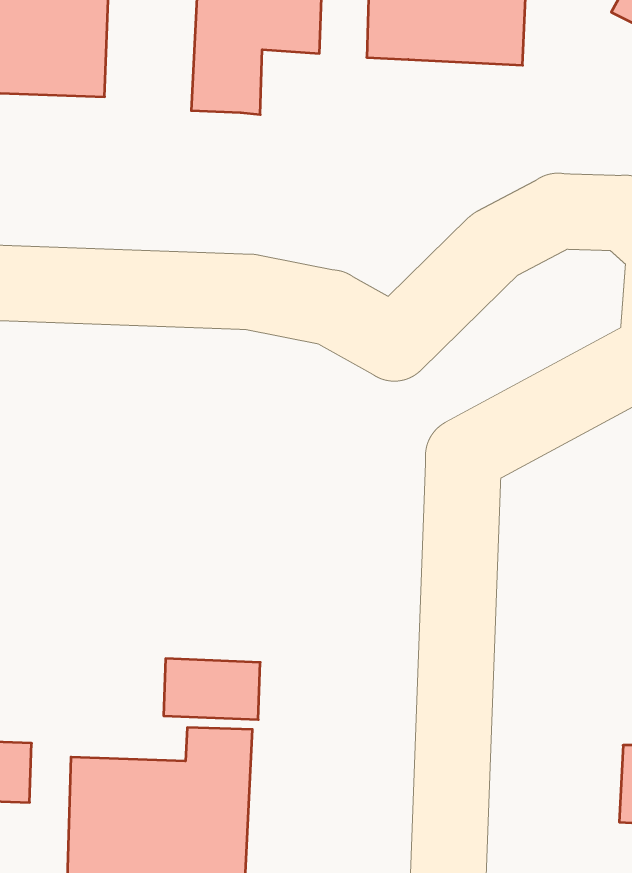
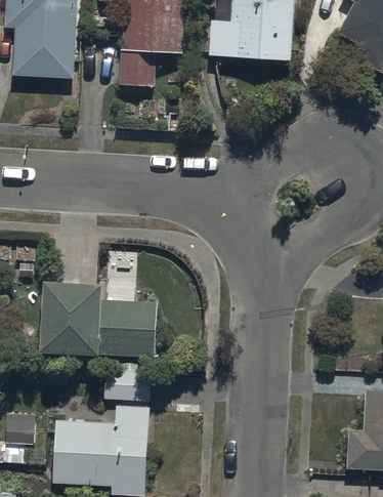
building: none -> [42,286,158,360]

